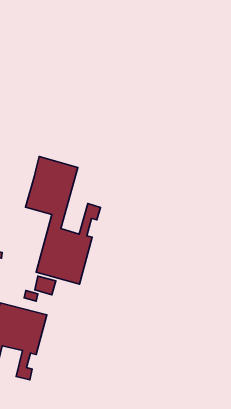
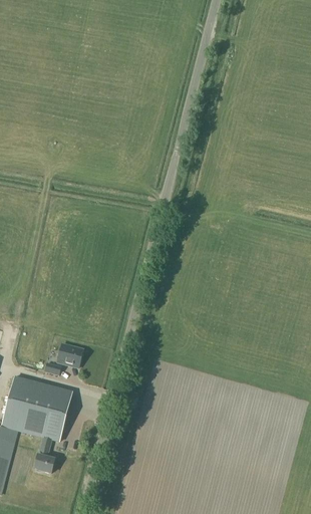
building: [26,156,100,284] -> none

